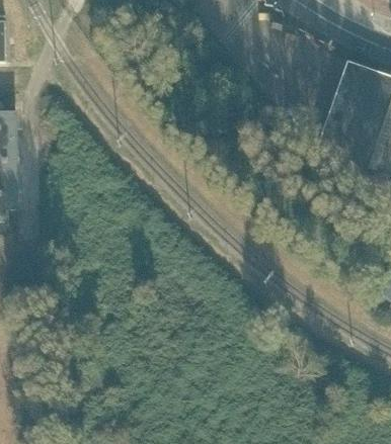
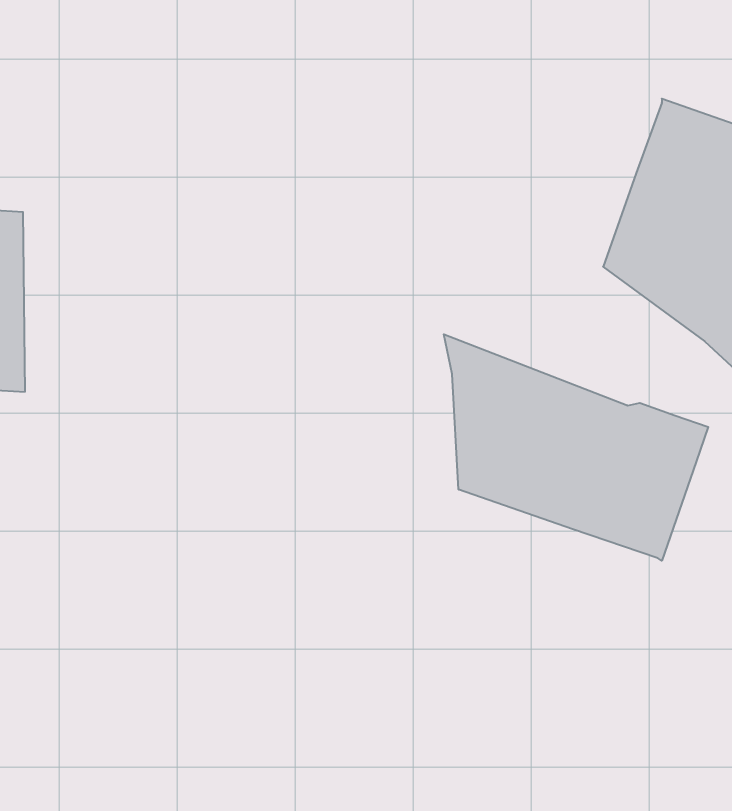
building: none -> [444,334,708,561]

